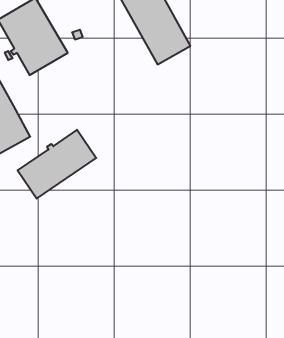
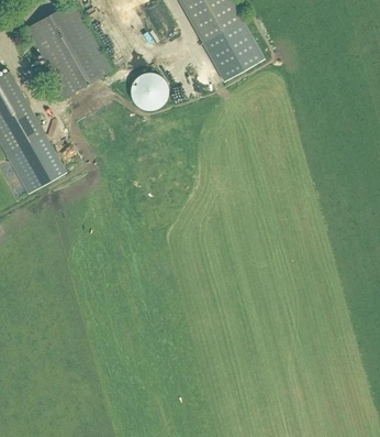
building: none -> [131,72,168,109]
building: [18,130,96,199] -> none

